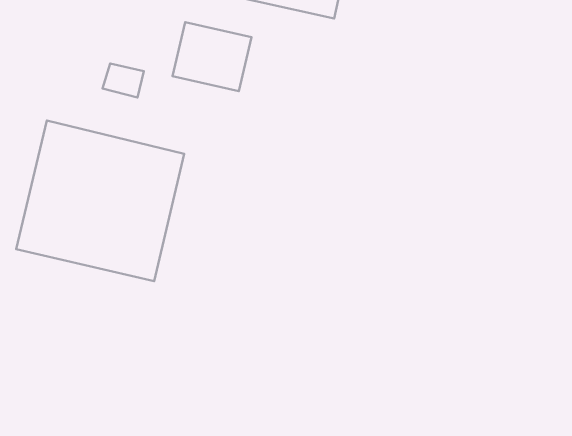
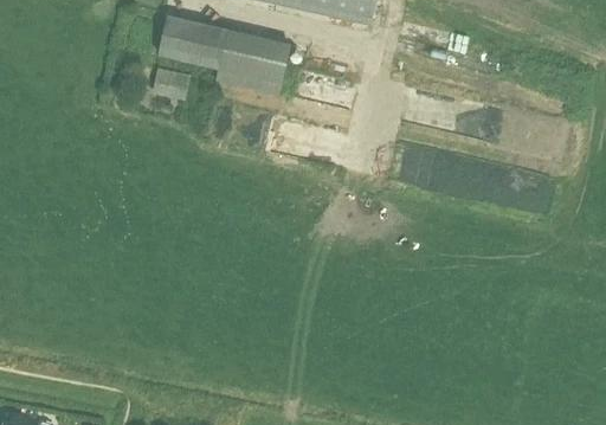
building: none -> [159,14,230,69]
building: [16,120,184,281] -> none

